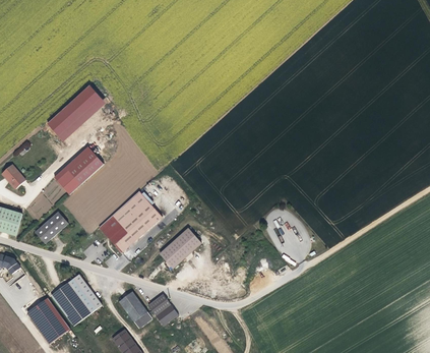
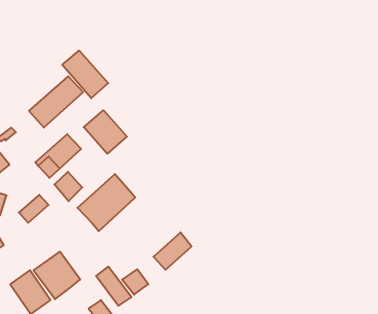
building: none -> [62,51,108,98]
building: none -> [84,110,127,154]
building: none -> [54,172,82,201]
building: [160,227,201,268] -> [153,232,192,270]

